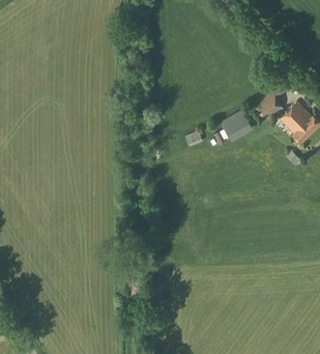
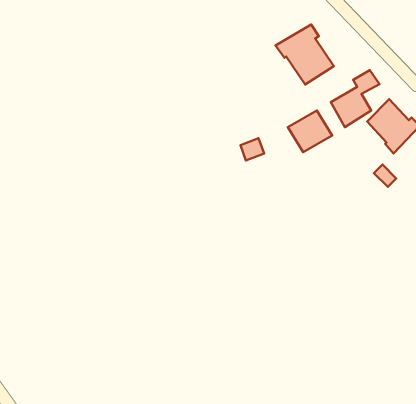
building: none -> [276,24,334,84]

